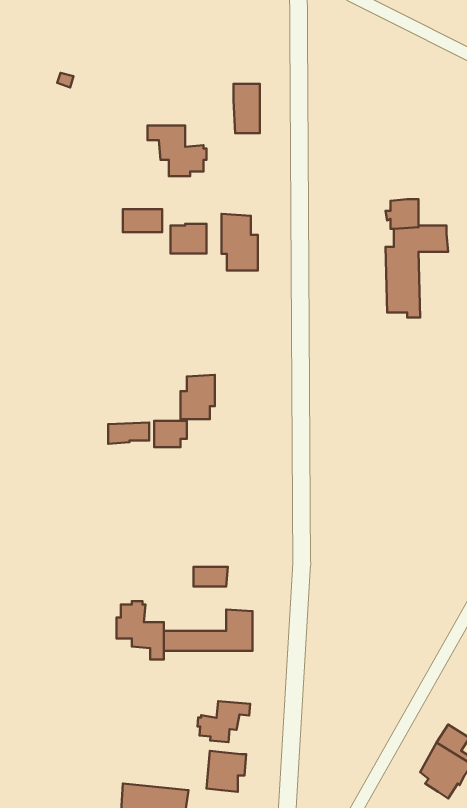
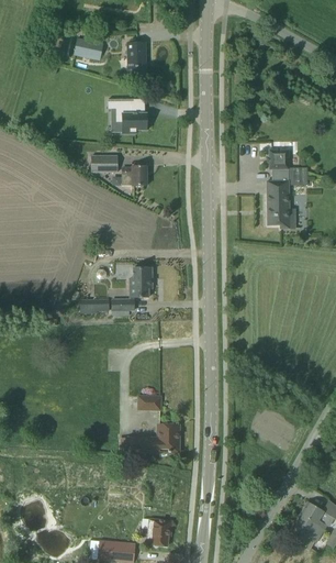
building: none -> [75,36,103,58]
building: [234,84,260,133] -> [128,42,146,75]
building: [222,214,258,270] -> none
building: [116,601,164,660] -> none
building: [197,701,250,742] -> none

